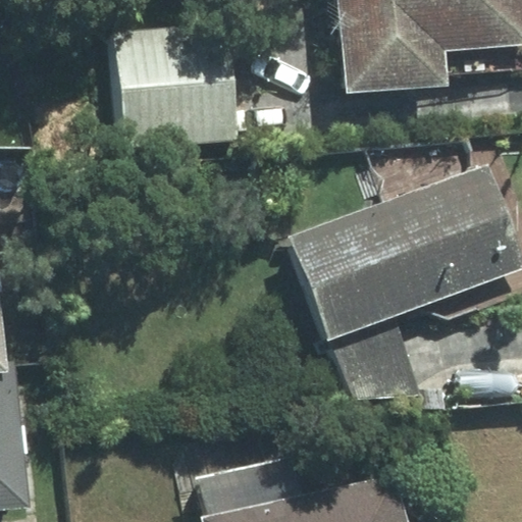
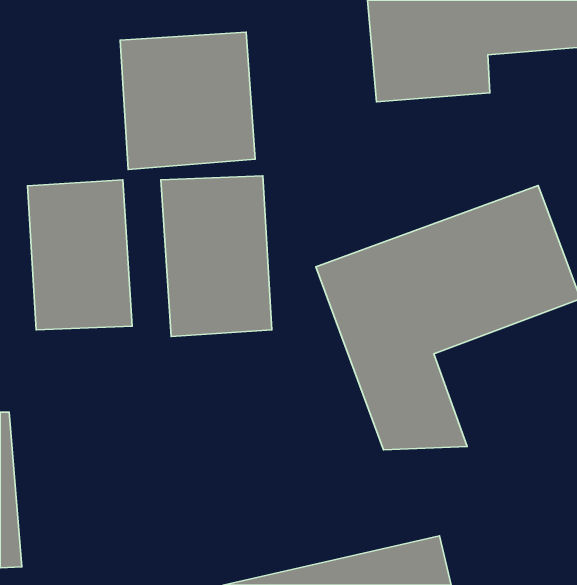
building: none -> [161,176,272,336]
building: none -> [28,180,132,330]

